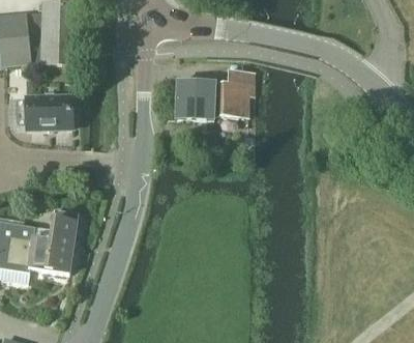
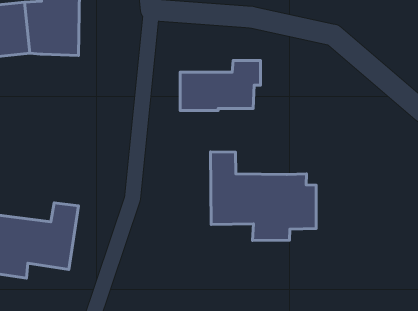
building: [25,94,72,128] -> none
building: none -> [210,152,316,240]

